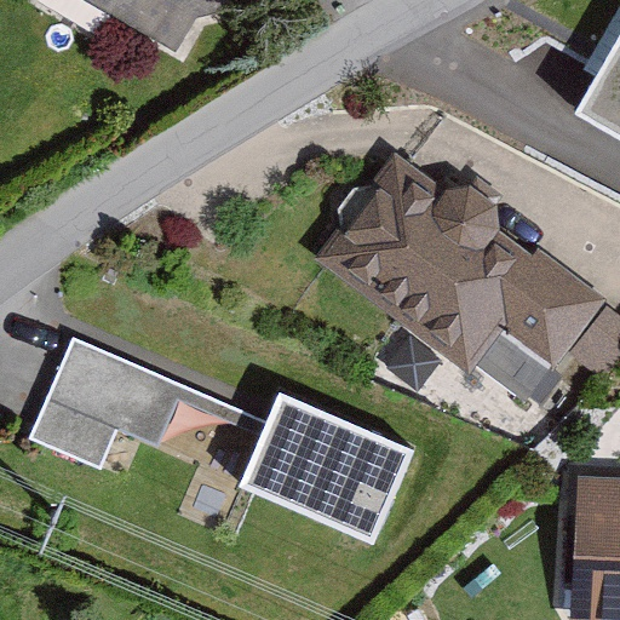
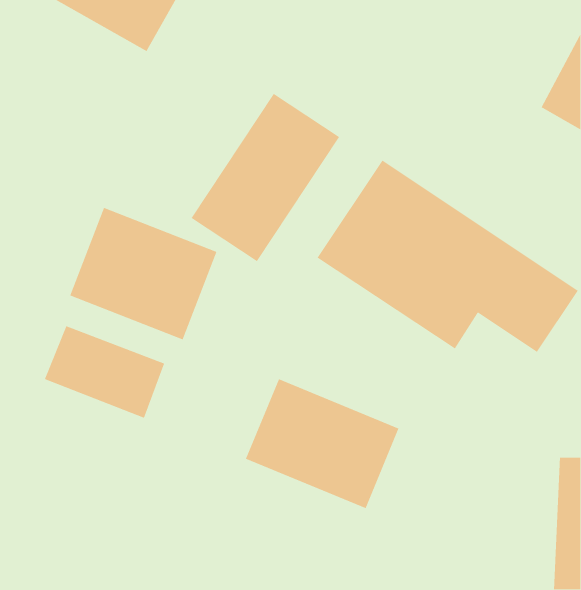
building: none -> [190,93,340,262]
building: none -> [69,207,218,340]

